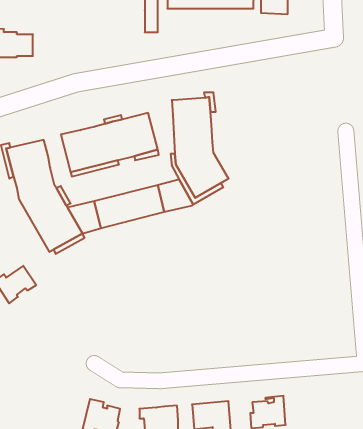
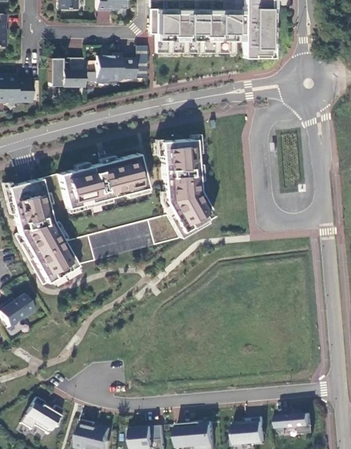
building: none -> [97,52,137,79]
building: none -> [51,56,85,85]
building: none -> [22,396,65,434]
building: none -> [281,412,317,432]

